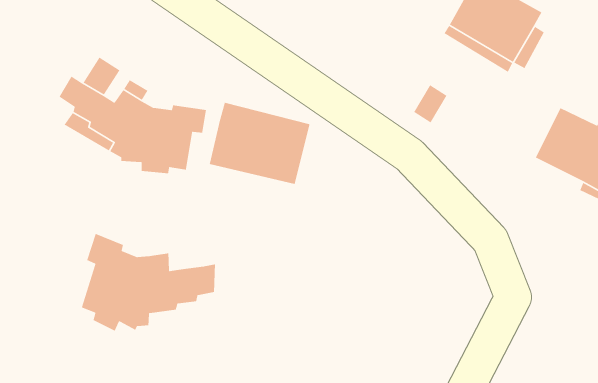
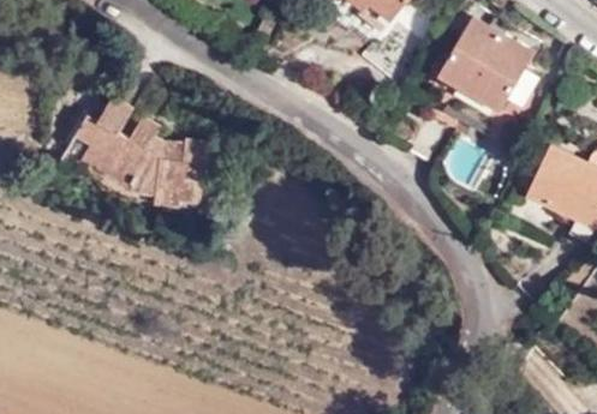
building: [209,102,311,185] -> none
building: [81,233,216,332] -> none

